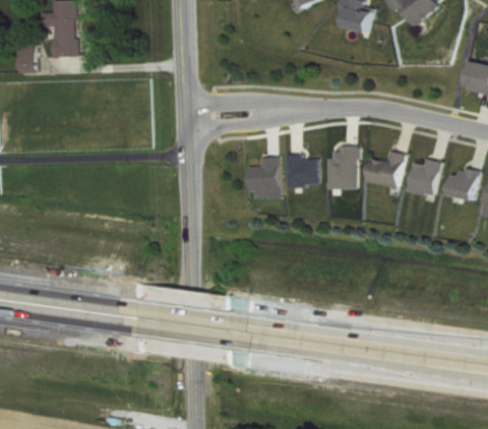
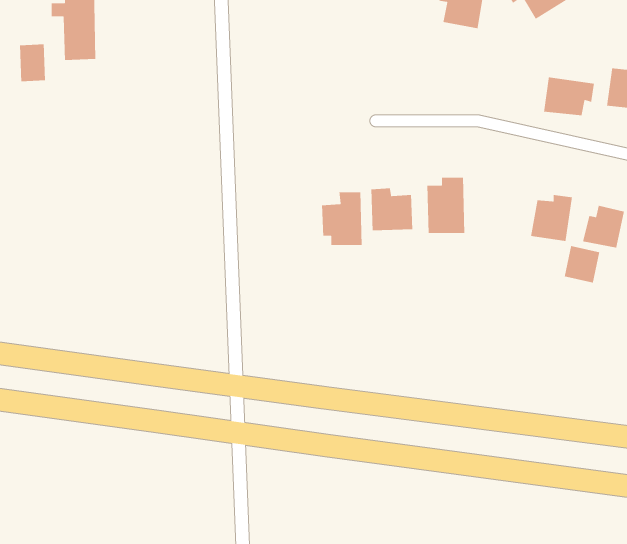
building: none -> [543,77,595,116]
building: [365,150,404,188] -> none
building: none -> [564,245,600,284]

